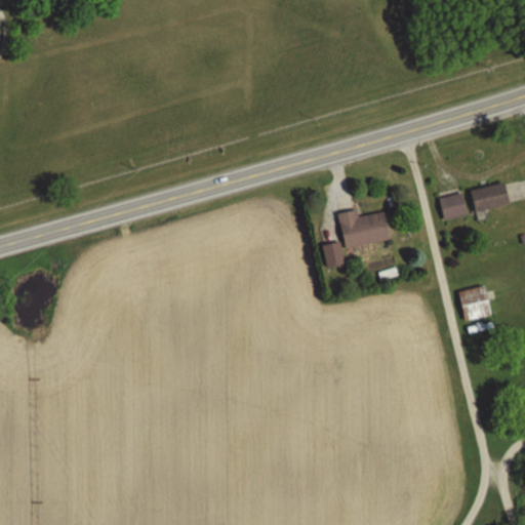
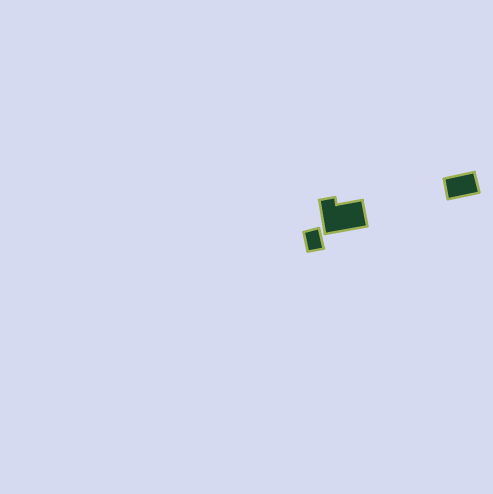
building: [440,193,468,220] -> none
building: [458,286,492,321] -> none

